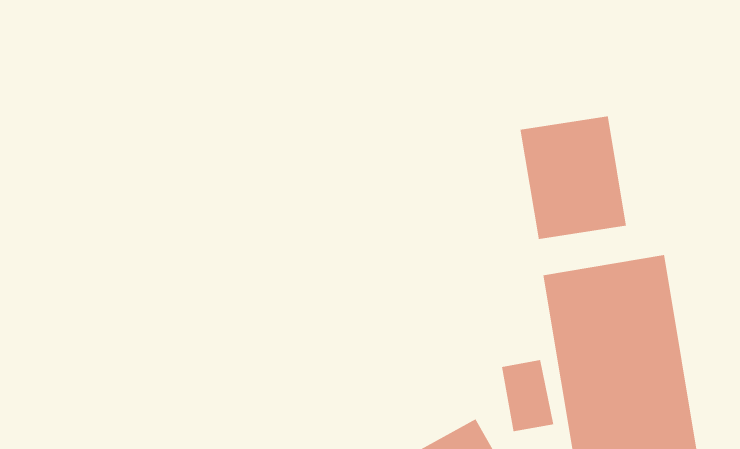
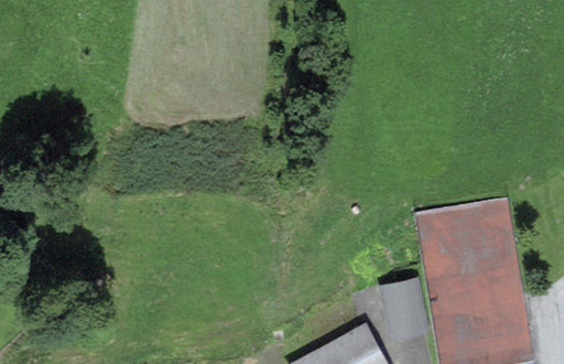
building: [520,115,627,240] -> none

